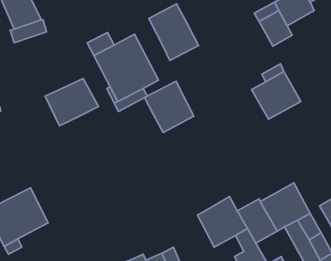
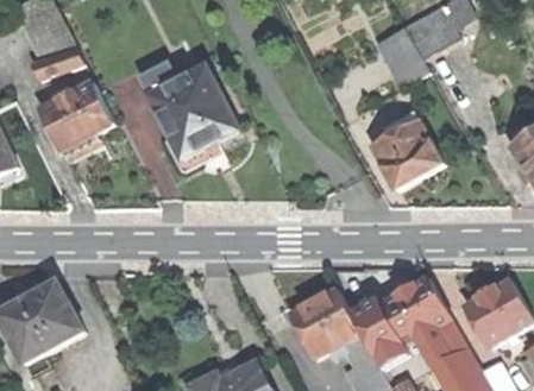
building: [149,4,199,60] -> none
building: [45,78,98,126] -> [39,83,114,150]
building: [145,81,194,132] -> none

